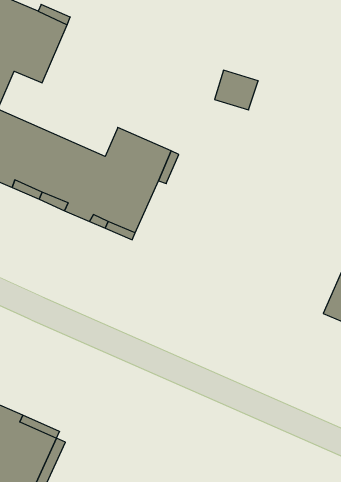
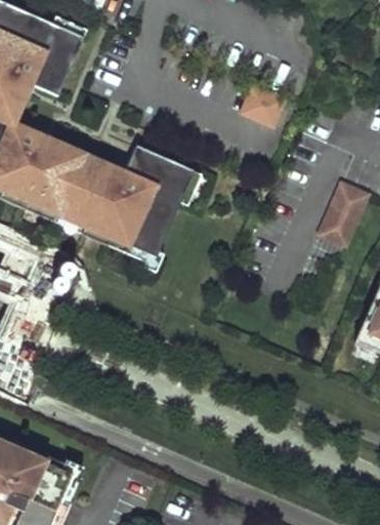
building: none -> [321,181,368,243]

